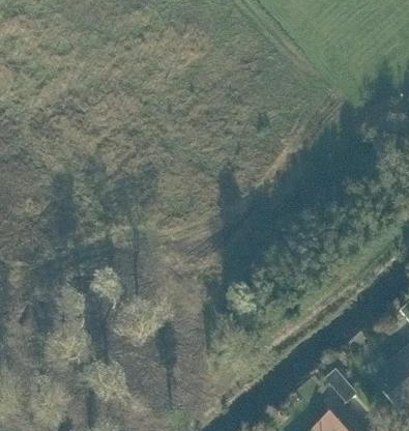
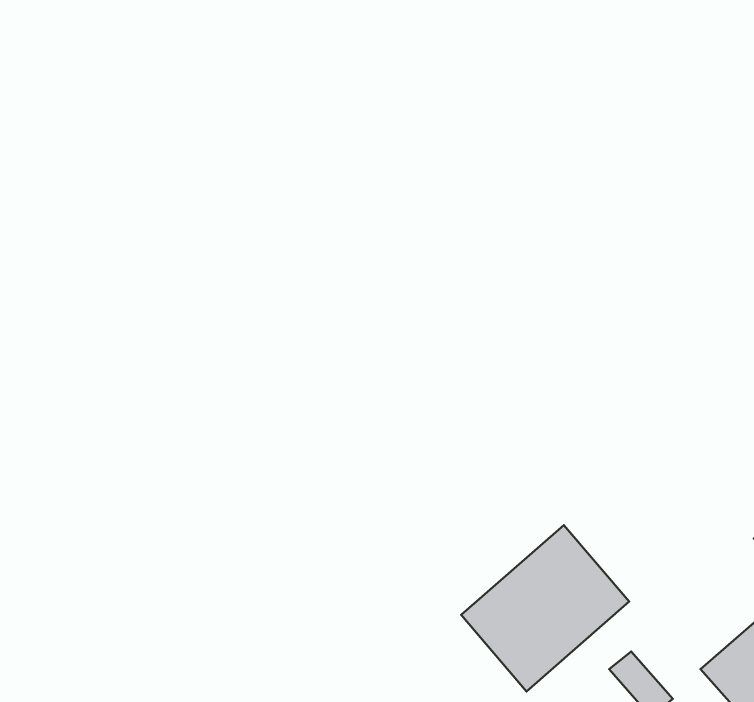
building: none -> [461,525,629,691]

